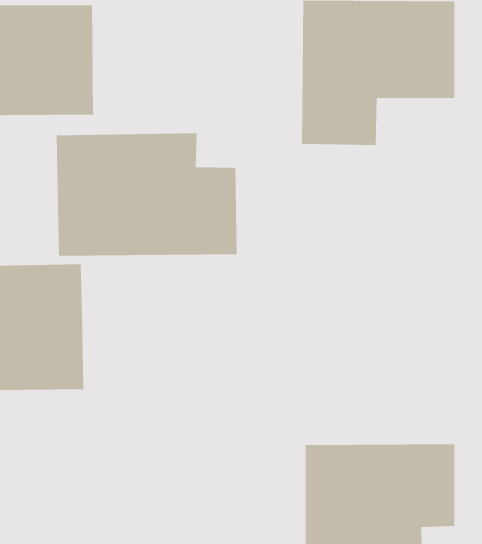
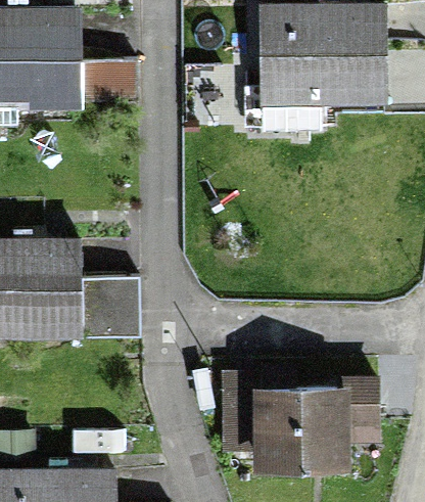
building: [56,132,237,257] -> none
building: none -> [74,271,133,334]

